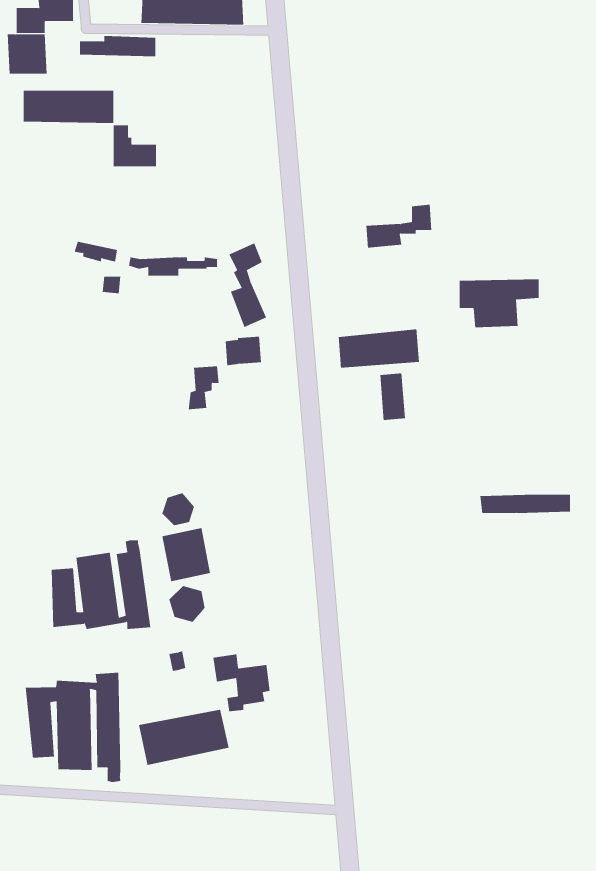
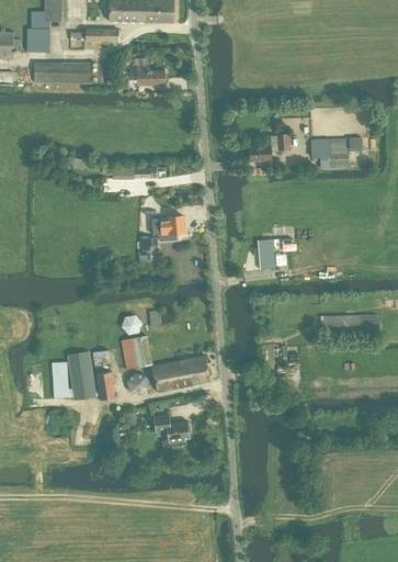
building: [113,125,157,167] -> [137,57,164,83]
building: [229,242,267,328] -> none
building: [459,279,540,328] -> [311,137,362,168]
building: [338,329,419,368] -> none
building: [25,672,121,783] -> none
building: [138,709,230,765] -> [152,356,209,391]

